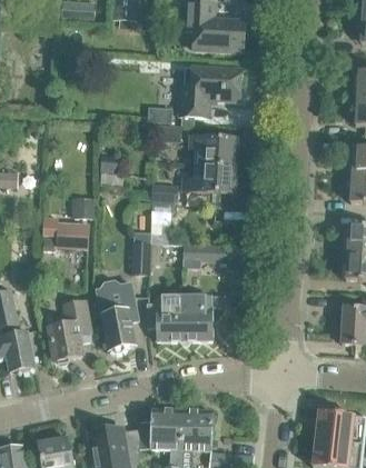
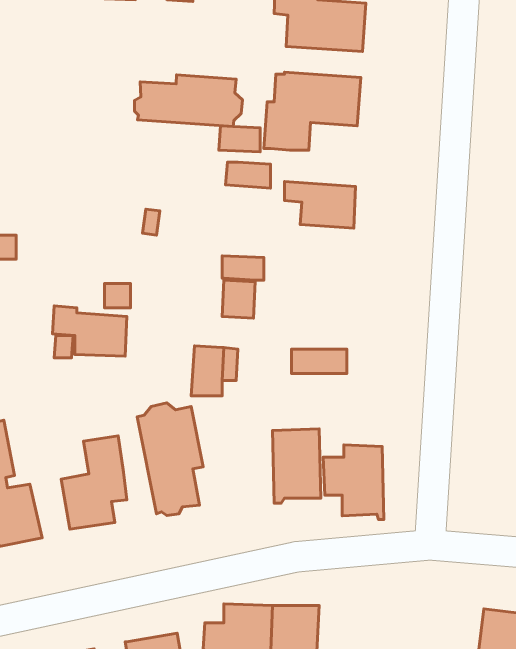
building: none -> [134,75,243,127]
building: [180,163,235,193] -> none
building: [145,295,184,342] -> [323,445,384,519]

